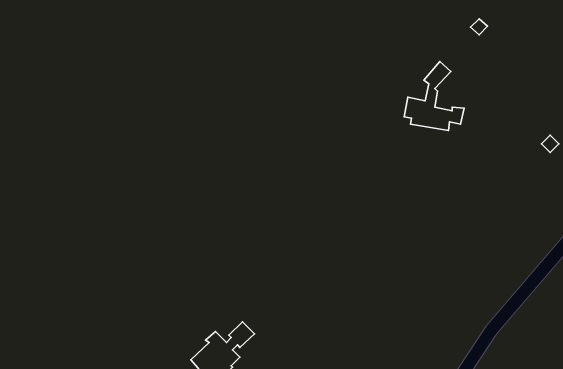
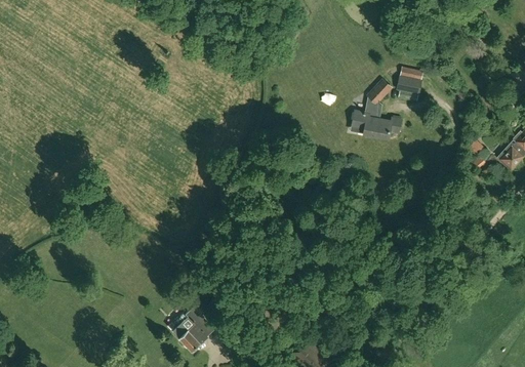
building: none -> [397,68,423,101]

